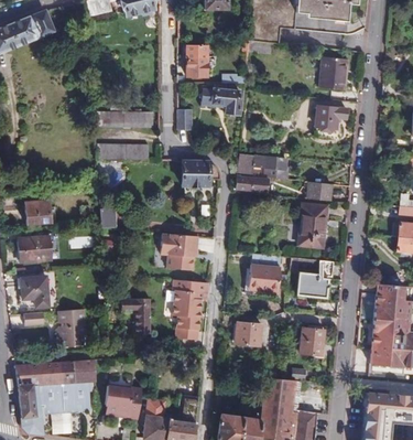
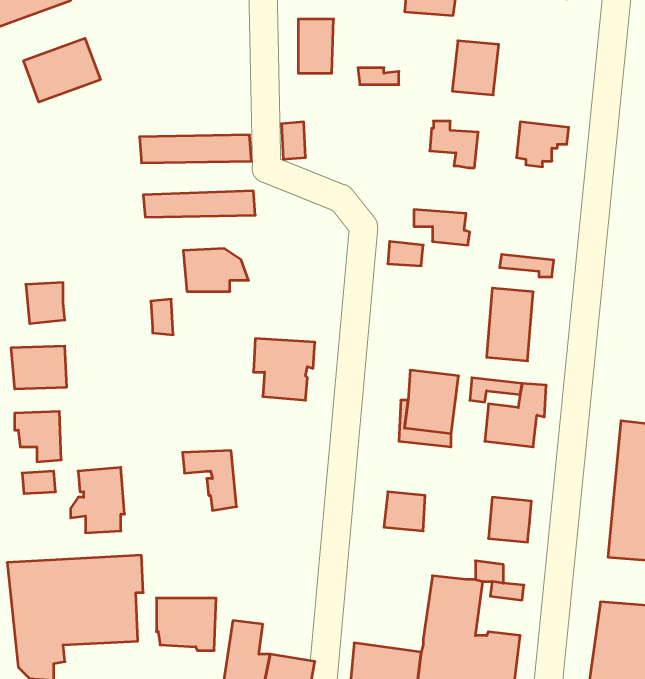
building: none -> [24,38,100,102]
building: [320,57,348,89] -> [452,41,499,95]
building: [213,86,241,114] -> [430,121,478,168]
building: [182,160,220,185] -> [183,249,249,291]
building: [173,280,208,340] -> none

